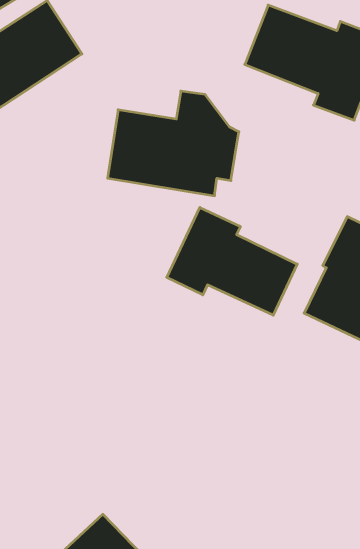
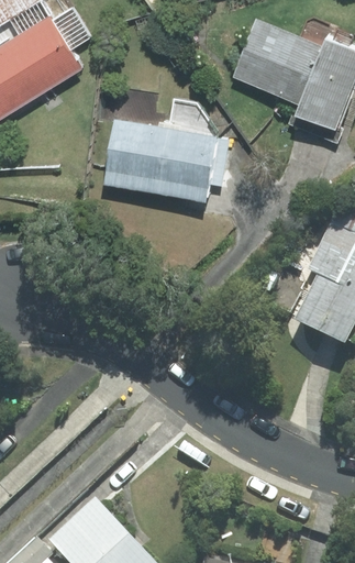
building: [167,207,297,315] -> none

